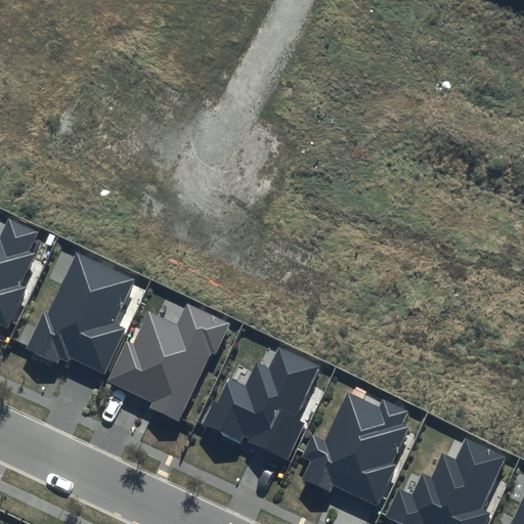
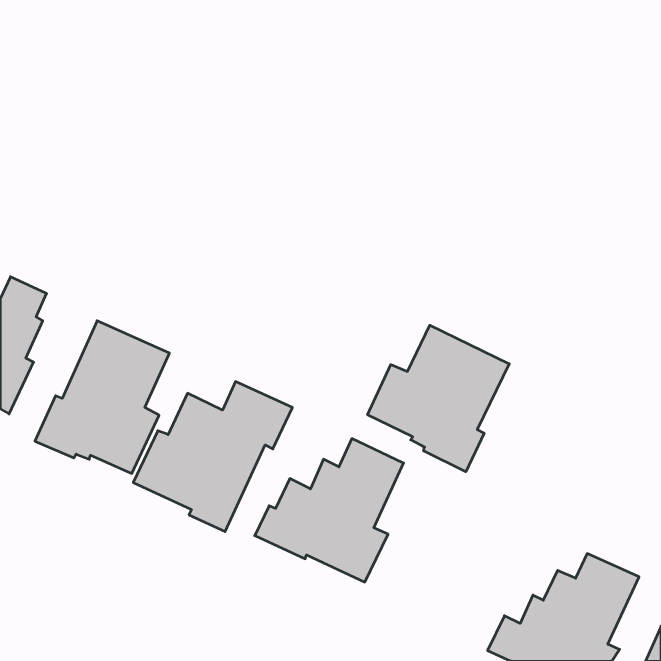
building: none -> [368,325,509,472]
building: [302,392,410,506] -> none

